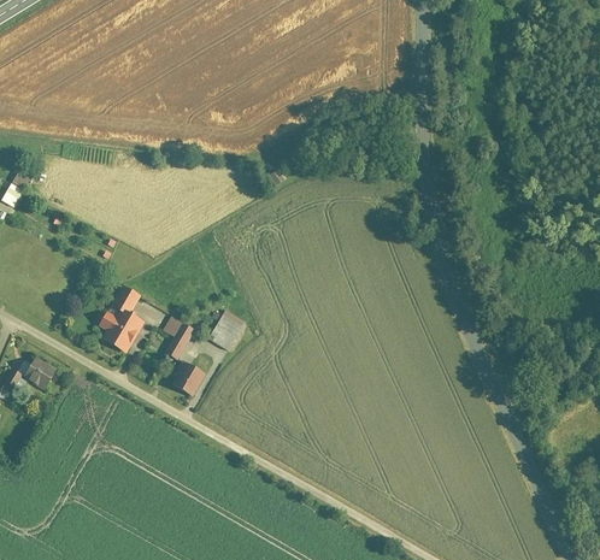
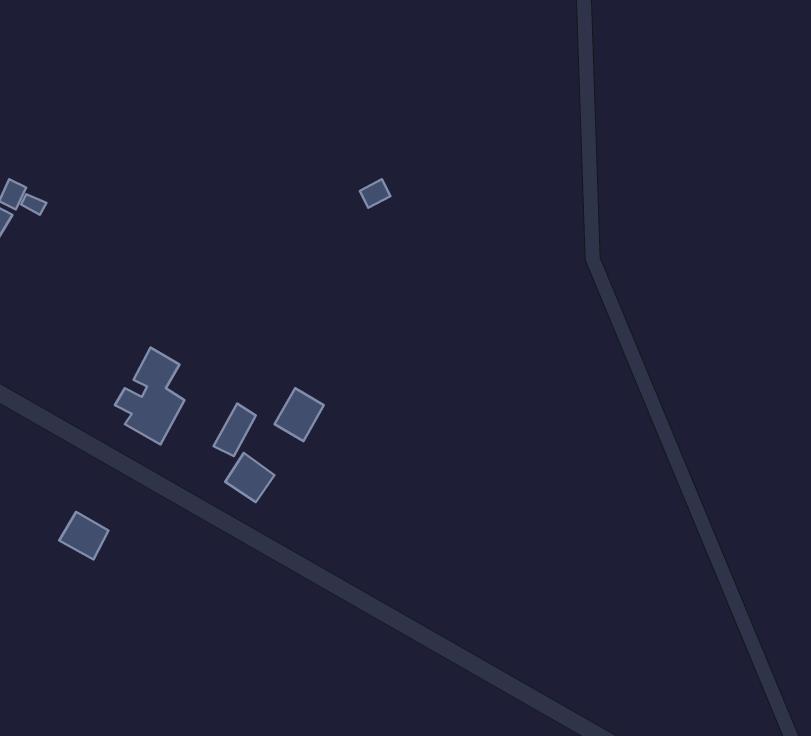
building: [23,355,58,389] -> [59,512,109,559]

